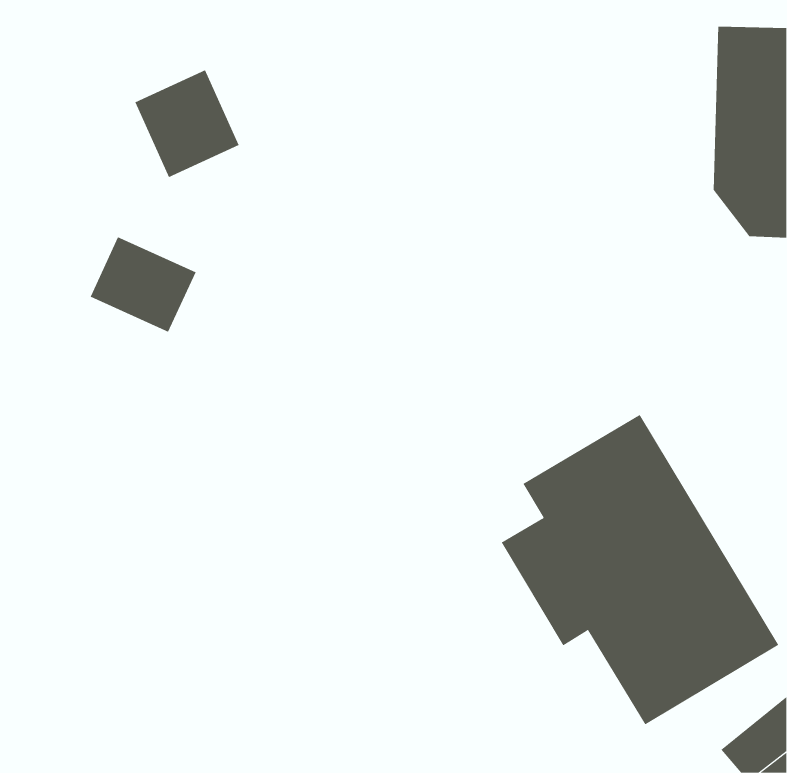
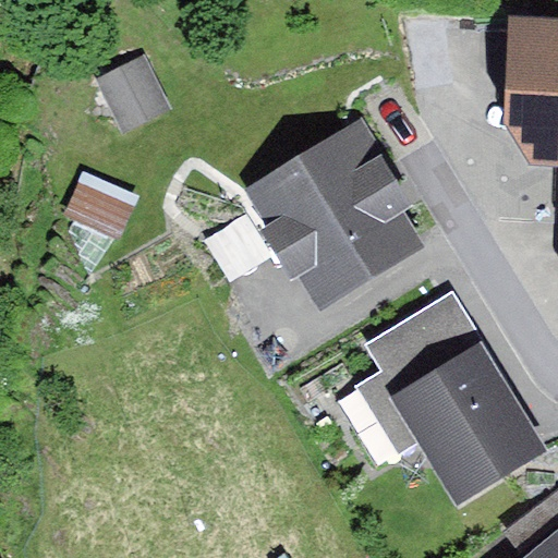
building: none -> [250,119,427,311]

